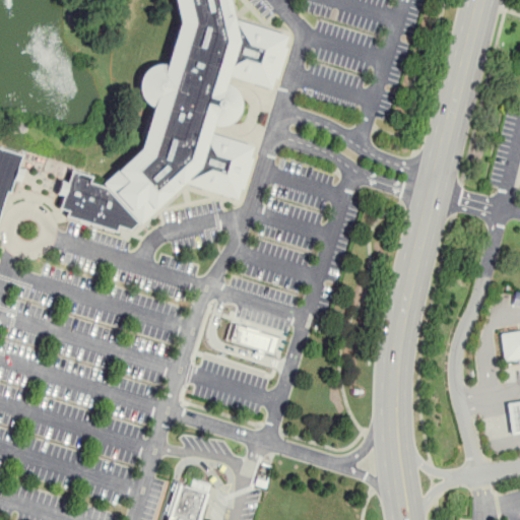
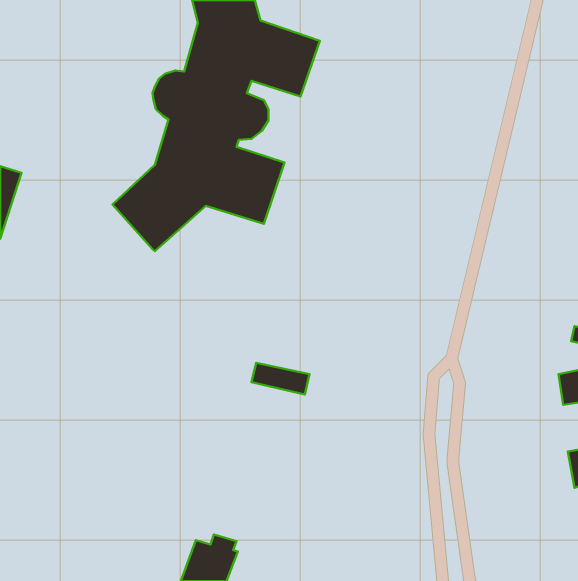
building: [58,169,139,232] -> none

